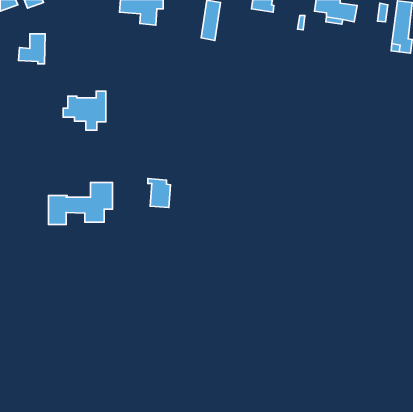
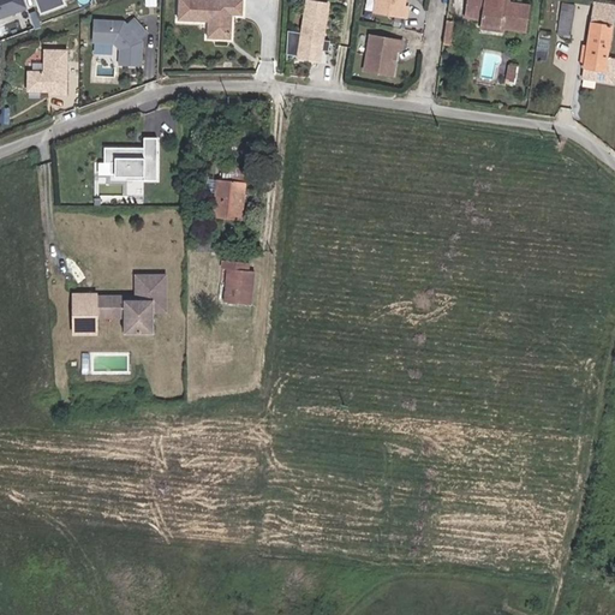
building: none -> [94,16,148,62]
building: none -> [364,37,402,77]
building: none -> [210,167,243,220]

